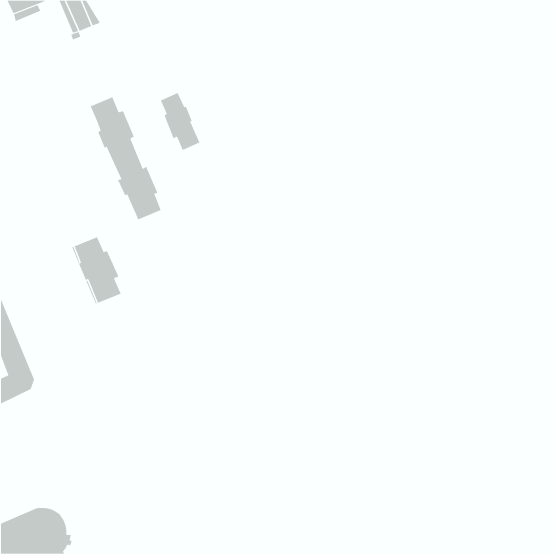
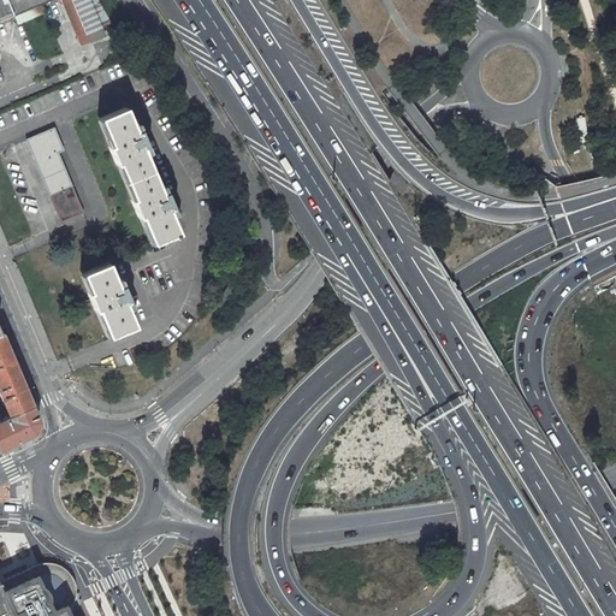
building: [160,92,200,151] -> none
building: none -> [28,128,84,223]

